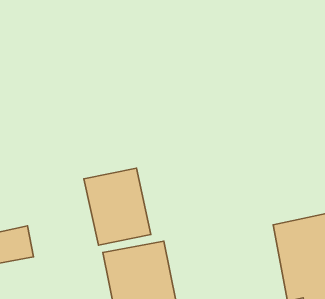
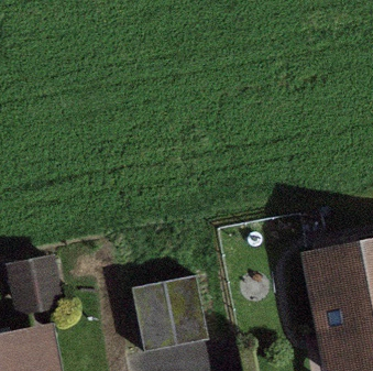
building: [84,168,151,245] -> none

